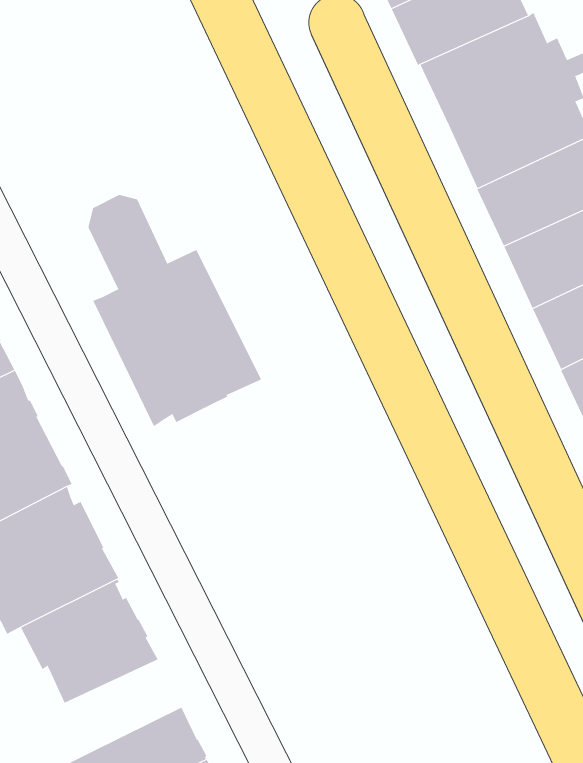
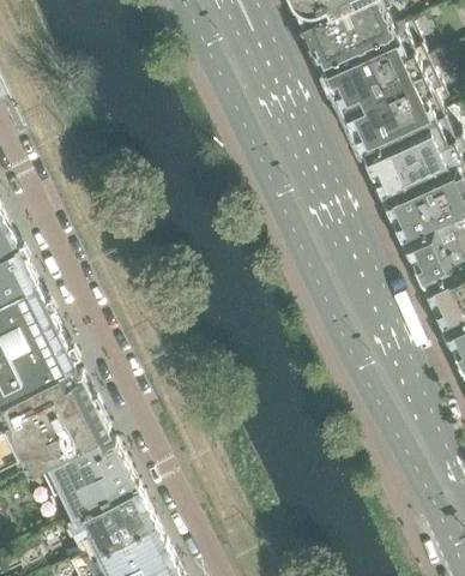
building: [88,194,263,427] -> none
building: none -> [72,491,156,557]

